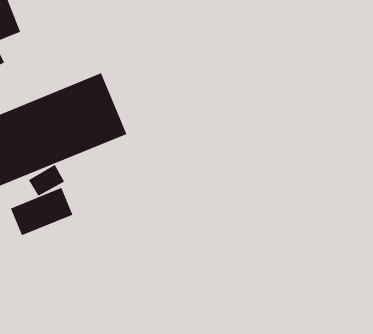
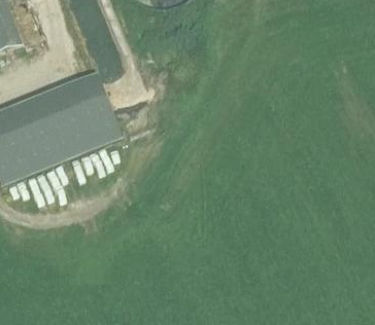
building: [10,187,73,236] -> none

